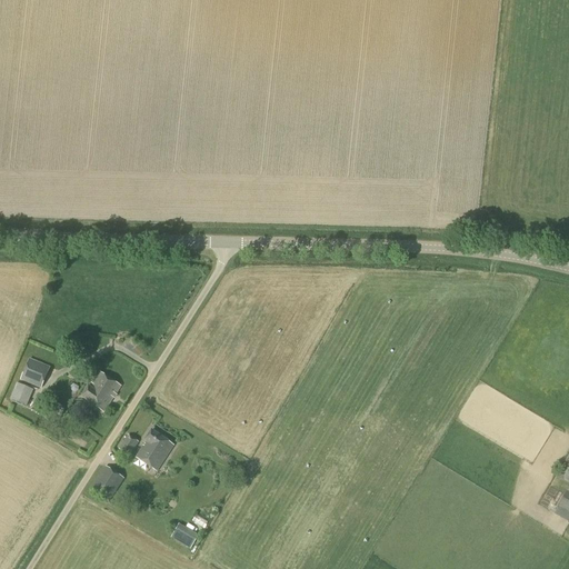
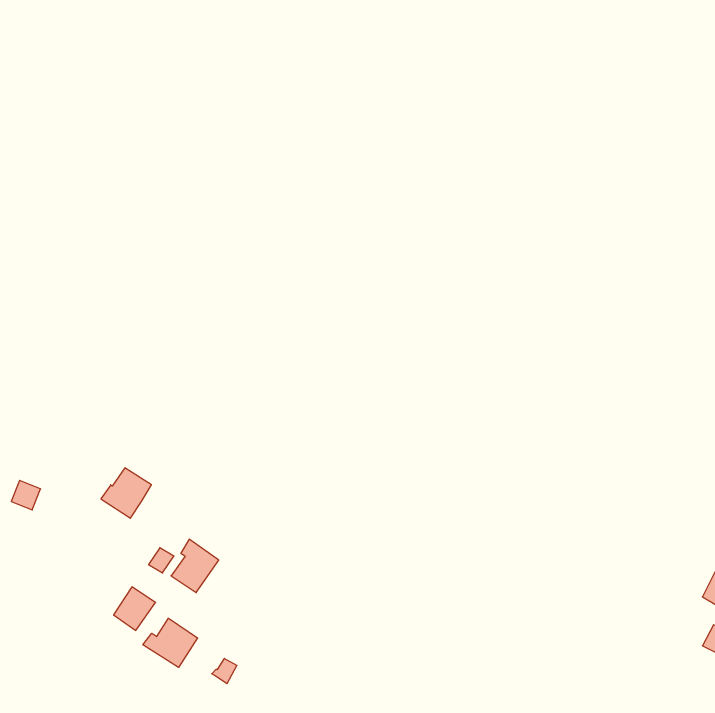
building: [21,358,50,386] -> none
building: none -> [143,618,198,667]

